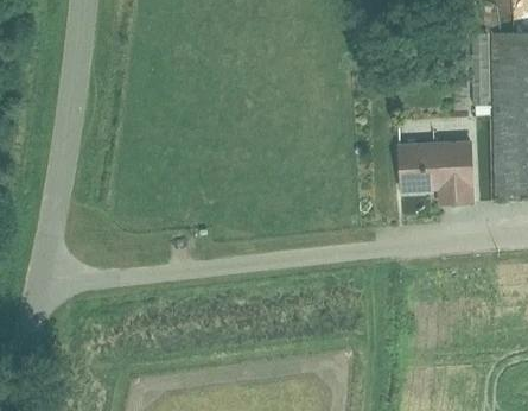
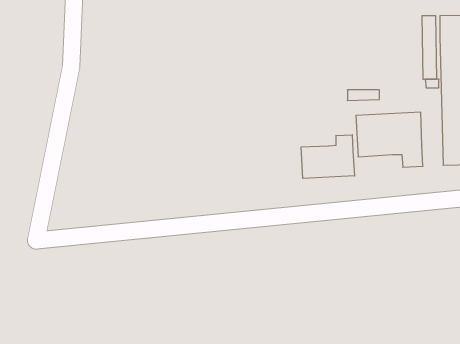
building: none -> [301,135,355,178]

